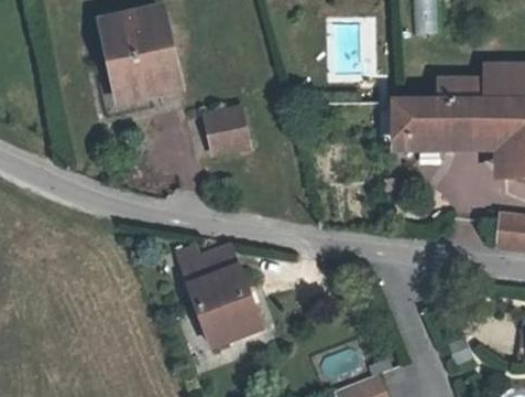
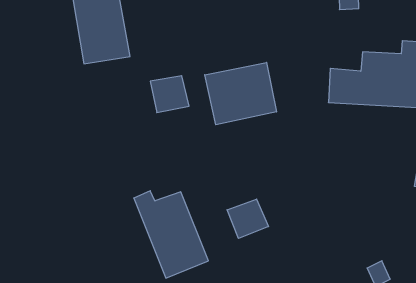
building: none -> [205,62,276,125]
building: none -> [227,199,268,238]

